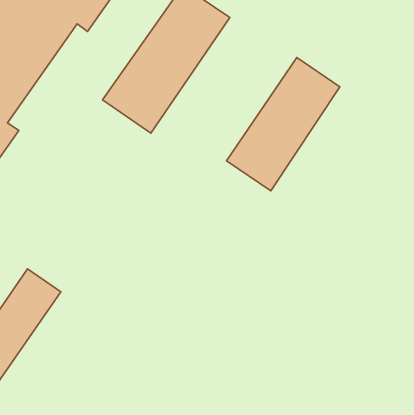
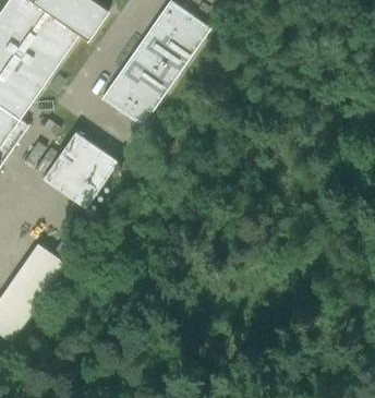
building: [226,57,340,191] -> none
building: none -> [44,132,118,207]

